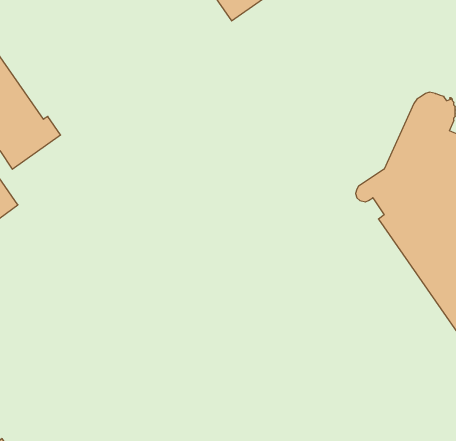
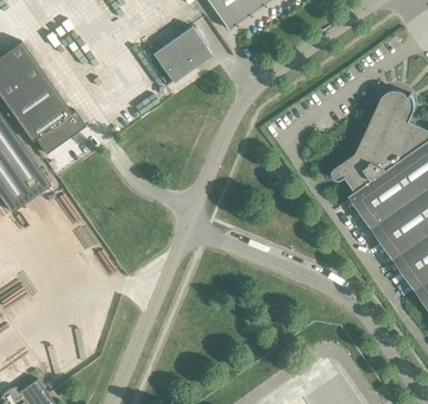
building: none -> [152,27,213,83]

